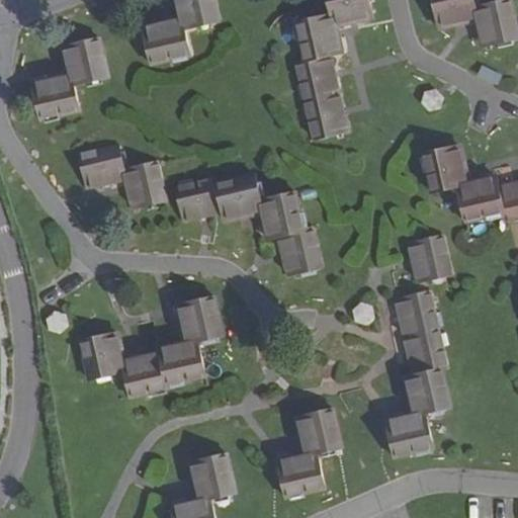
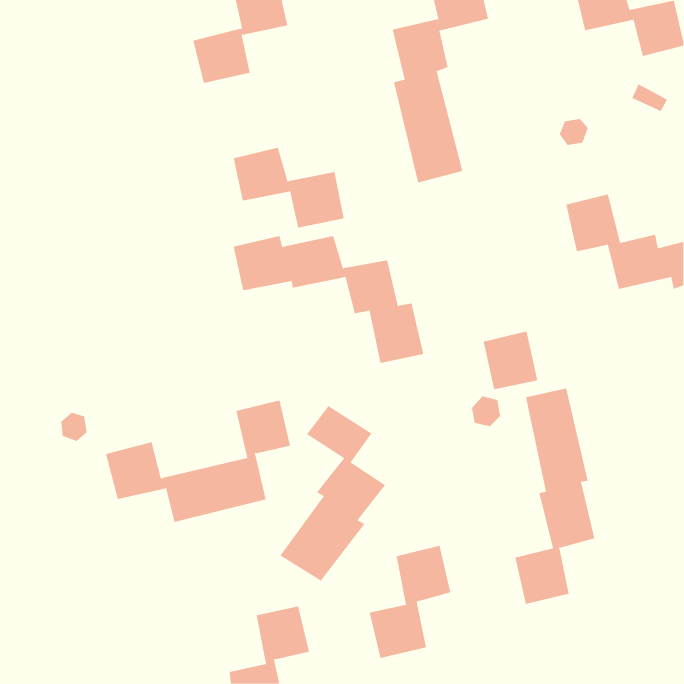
building: [32,38,105,116] -> none
building: [80,145,164,205] -> [233,147,345,228]
building: [407,236,448,280] -> [483,331,538,390]
building: none -> [280,405,386,582]

